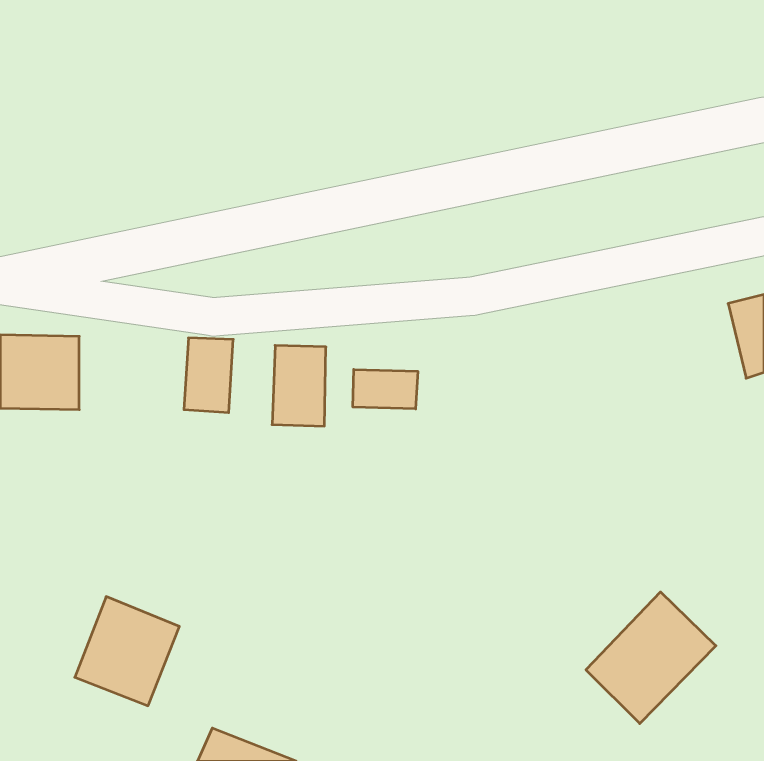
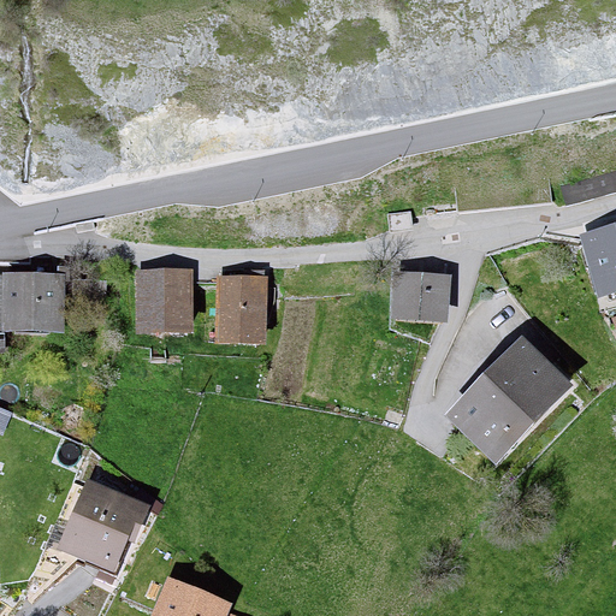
building: none -> [397,272,440,316]
building: [353,369,418,409] -> none
building: [586,592,716,724] -> [455,344,559,450]

